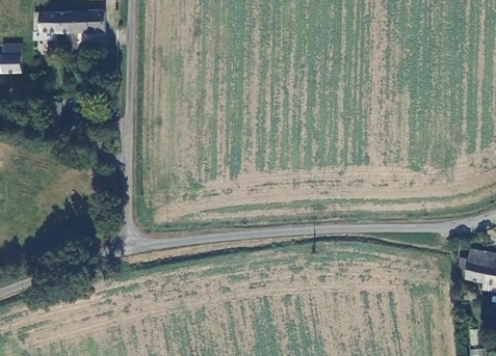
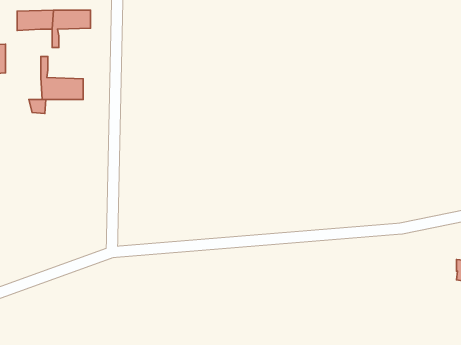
building: none -> [41,56,83,100]

